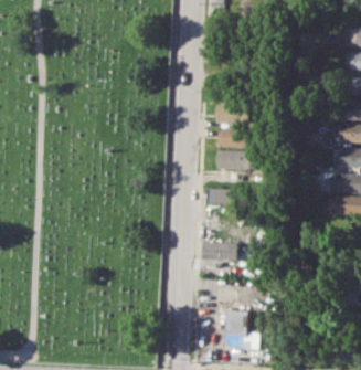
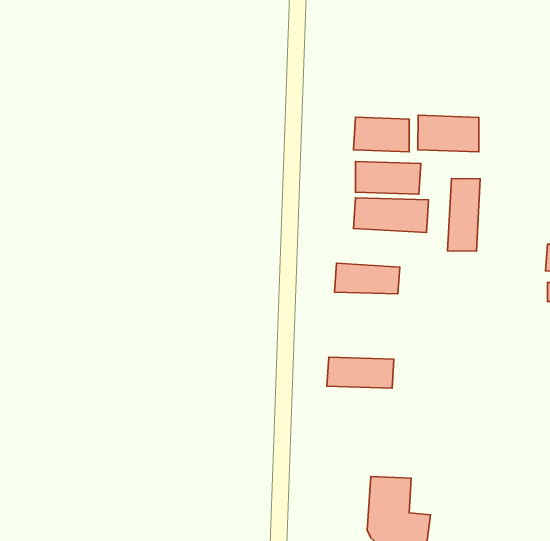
building: none -> [418,115,479,152]
building: none -> [448,178,480,251]

